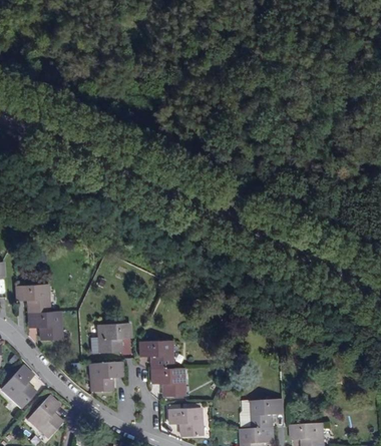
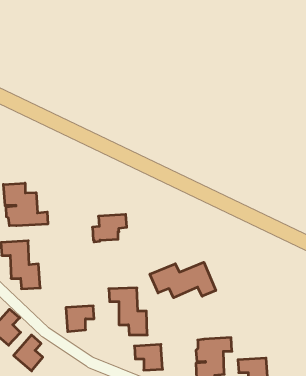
building: none -> [3,183,48,226]
building: none -> [150,262,216,298]
building: [87,324,127,356] -> [92,214,127,242]

